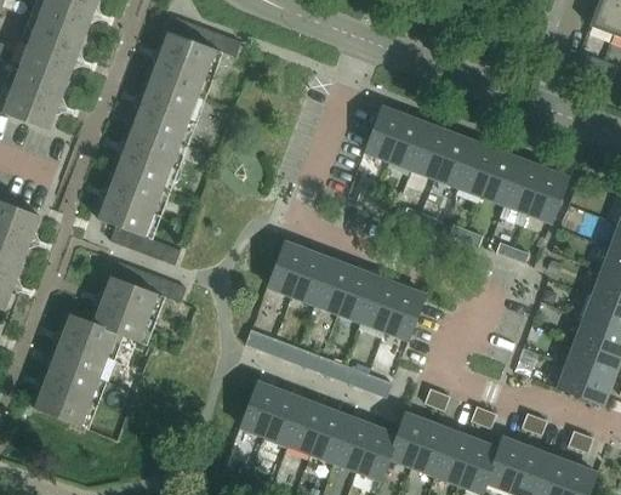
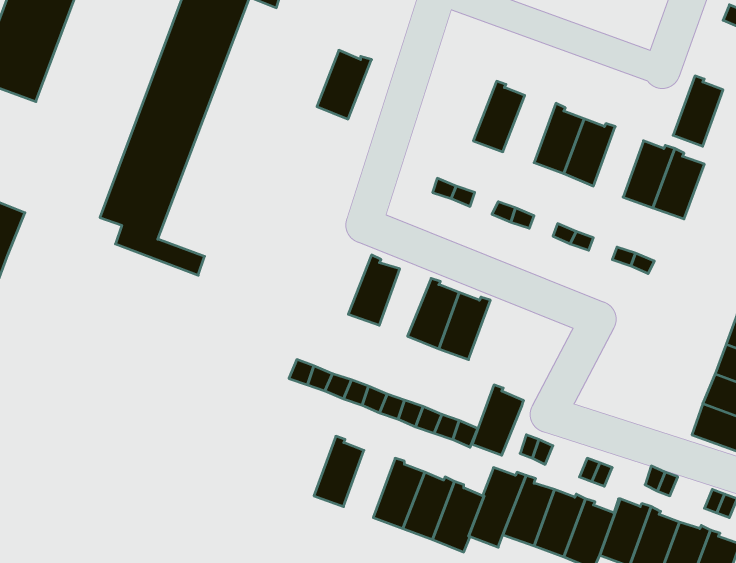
building: [364,107,406,160] -> [317,50,372,119]
building: [411,125,452,177] -> none
building: [482,149,520,204] -> [673,76,723,146]
building: [267,243,309,295] -> none
building: [315,260,355,312] -> none
building: [34,262,186,425] -> none
building: [384,284,425,338] -> [472,385,524,455]
building: [240,382,281,436] -> none
building: [287,400,327,453] -> none

